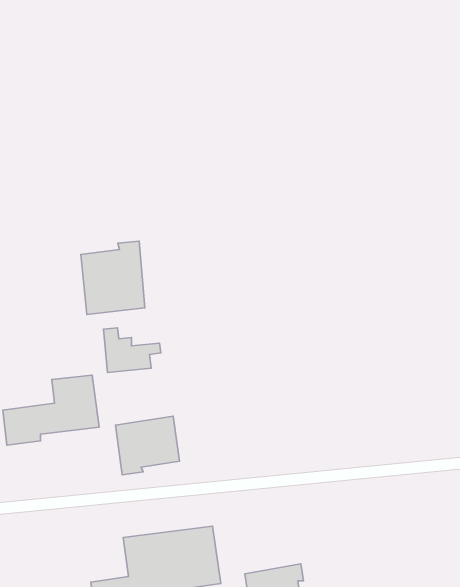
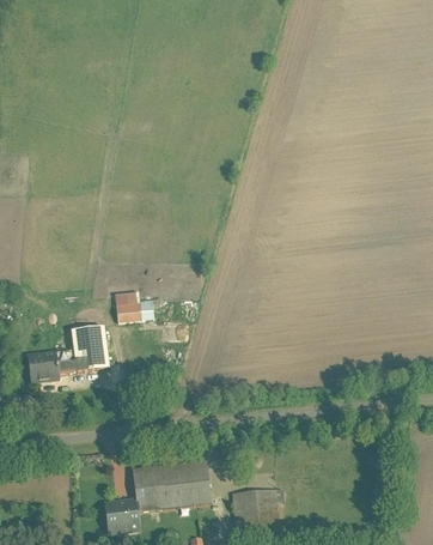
building: [81,241,145,314] -> none
building: [115,416,179,475] -> none

